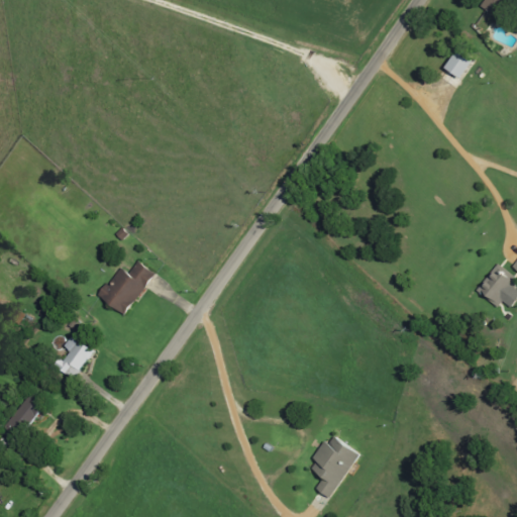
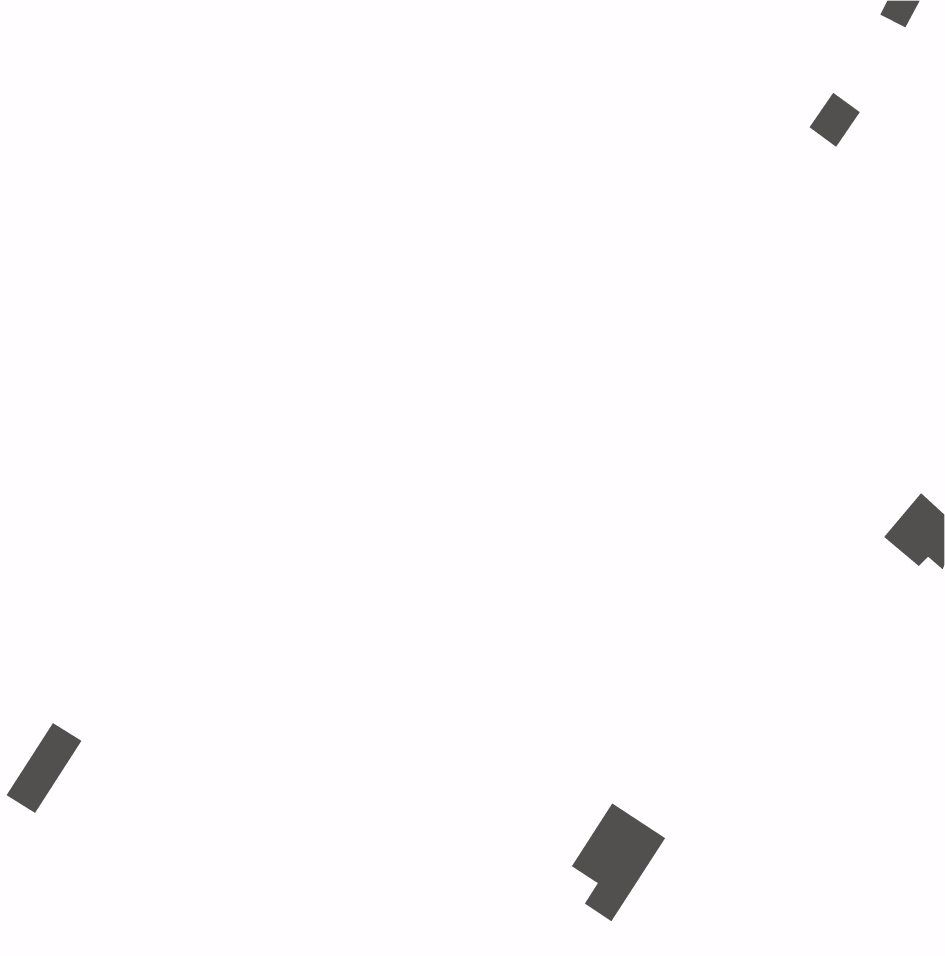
building: [97,261,153,314] -> none
building: [57,335,92,379] -> none

